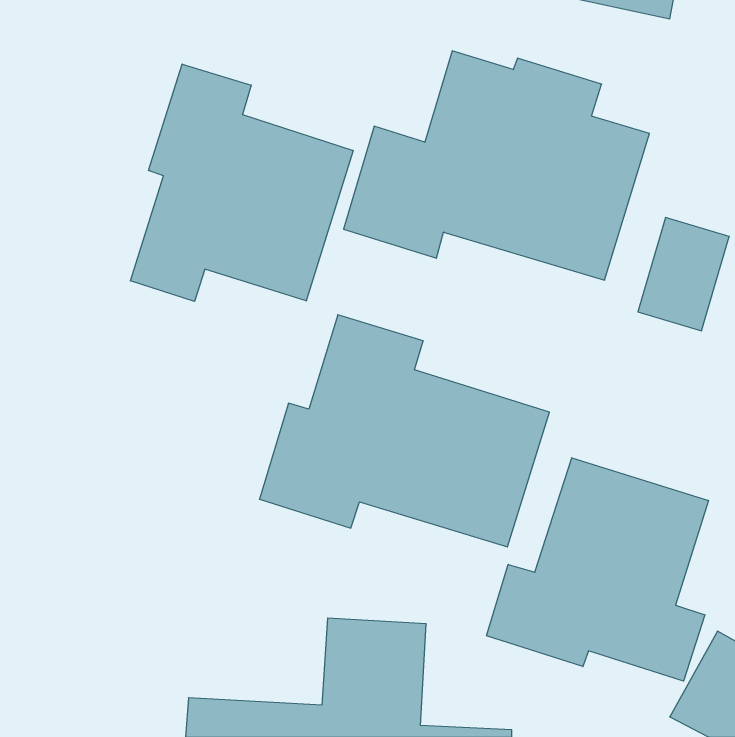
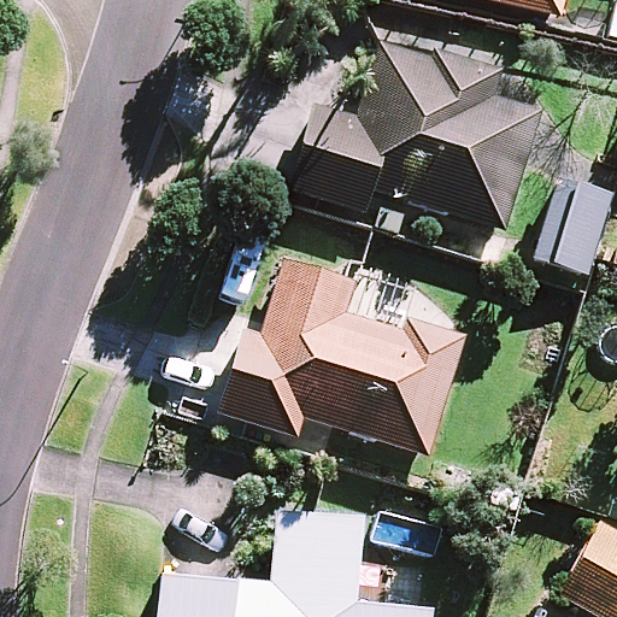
building: [130,64,353,301] -> none
building: [486,458,708,681] -> none

